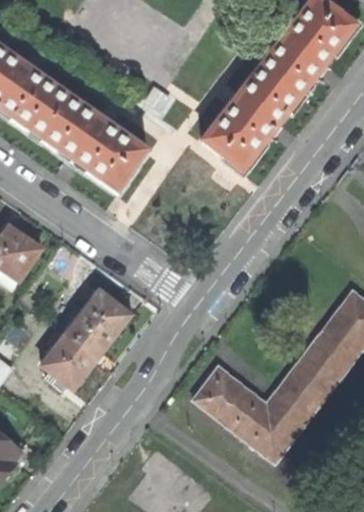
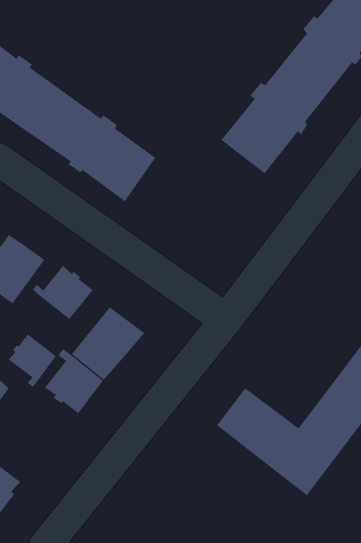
building: none -> [32,265,94,320]
building: none -> [8,334,57,387]

